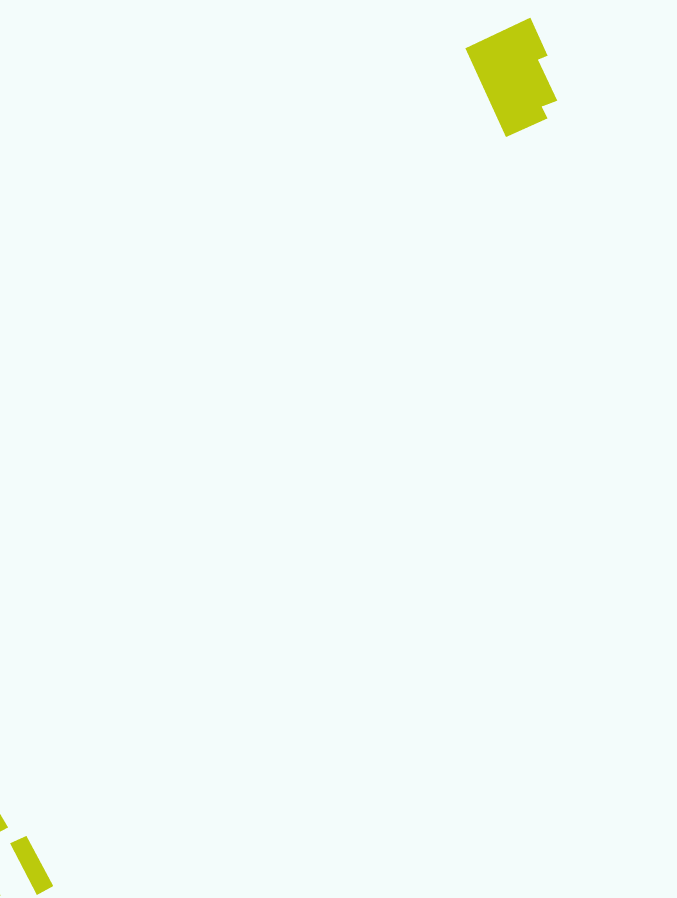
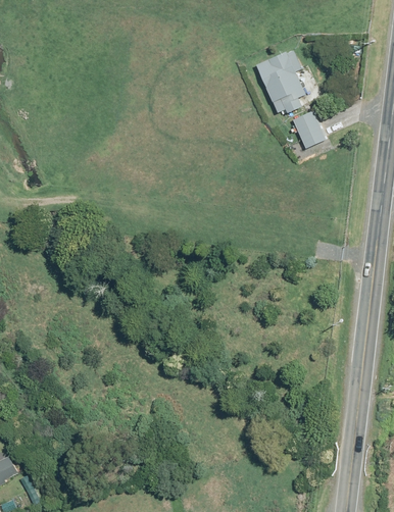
building: none -> [292,108,325,146]

